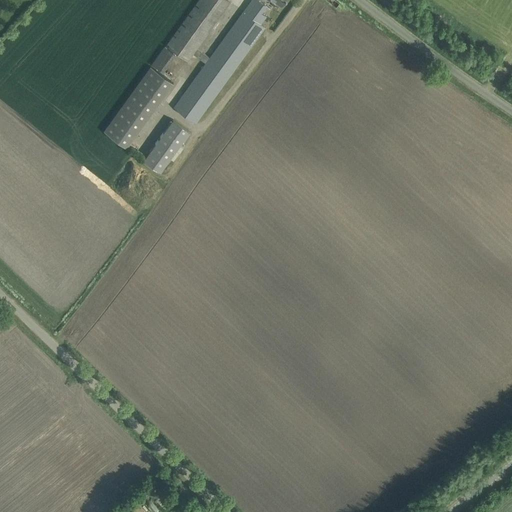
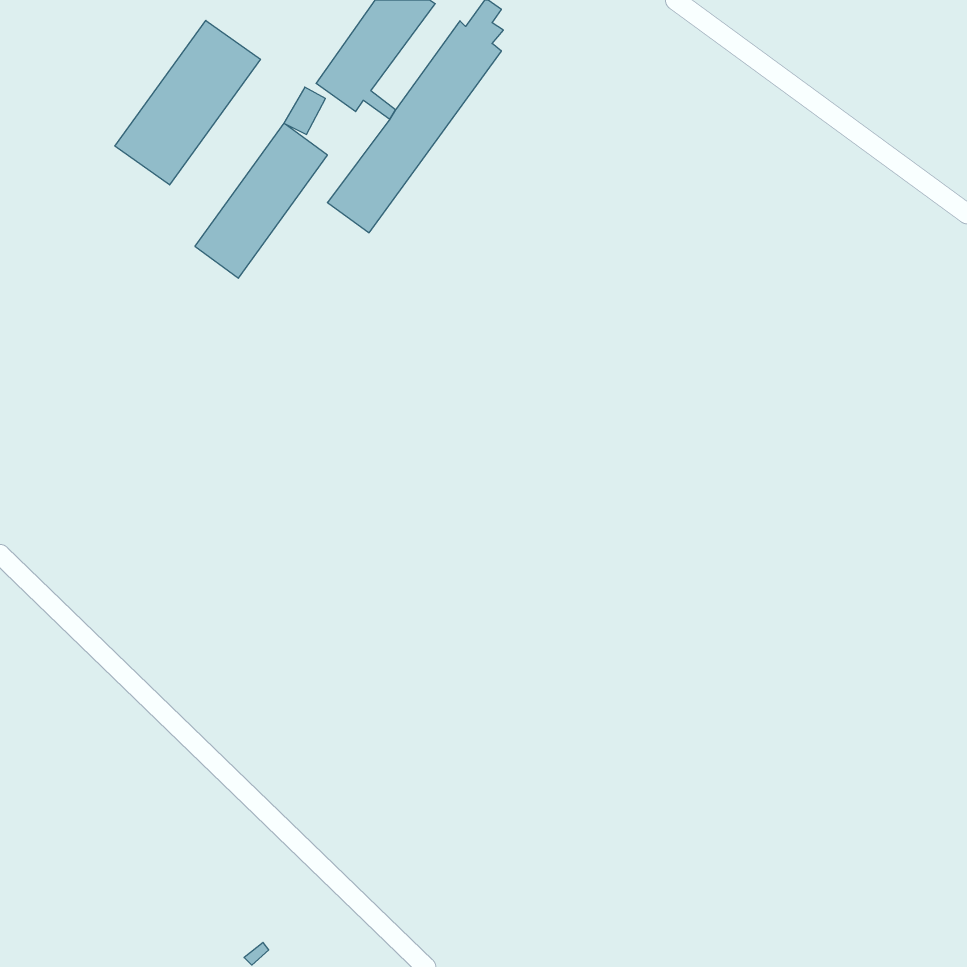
building: none -> [115,20,260,185]
building: [143,120,189,172] -> none

